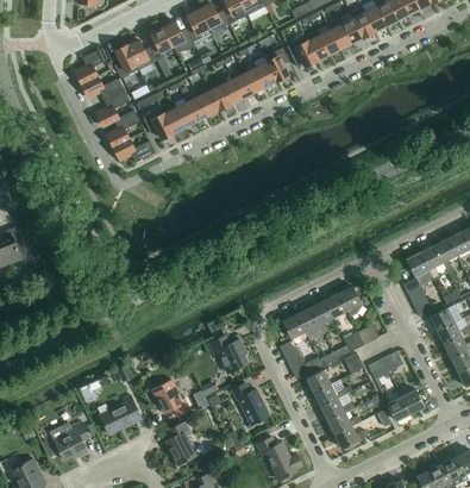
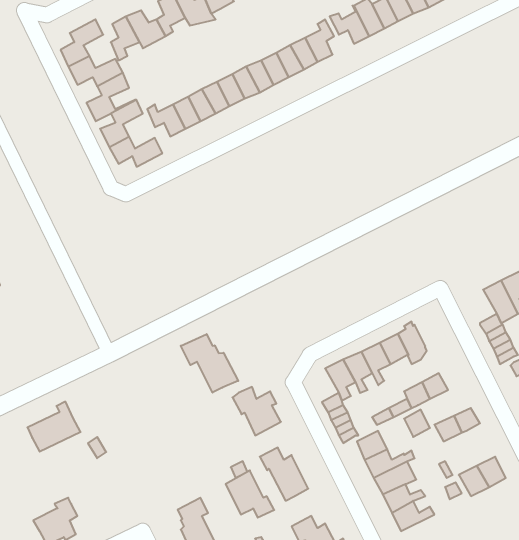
building: none -> [181,334,238,393]
building: [152,380,190,417] -> [226,470,274,518]
building: [100,395,142,434] -> [27,402,81,452]

